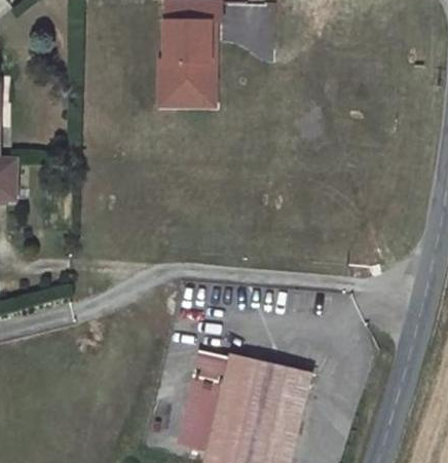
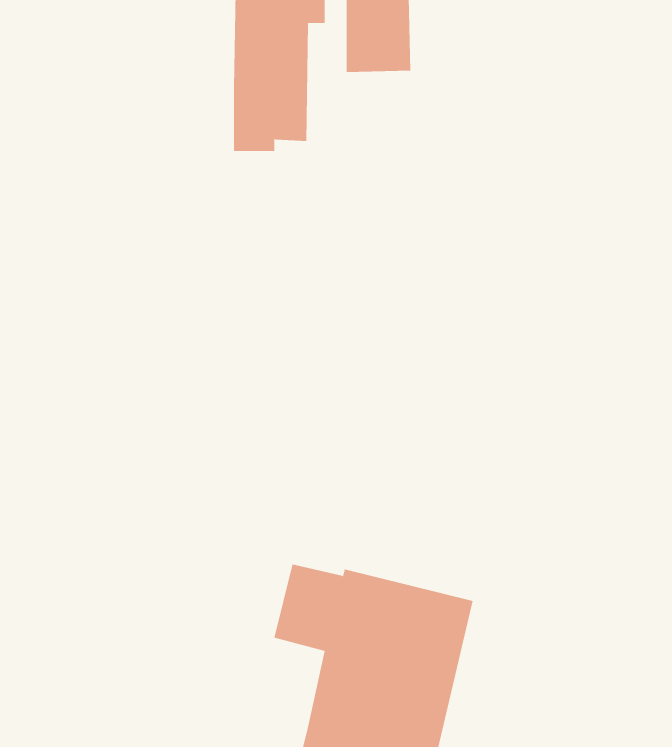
building: [159,21,216,106] -> none
building: [178,395,220,450] -> none

